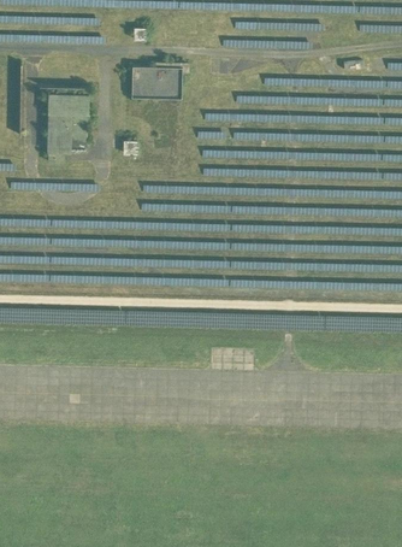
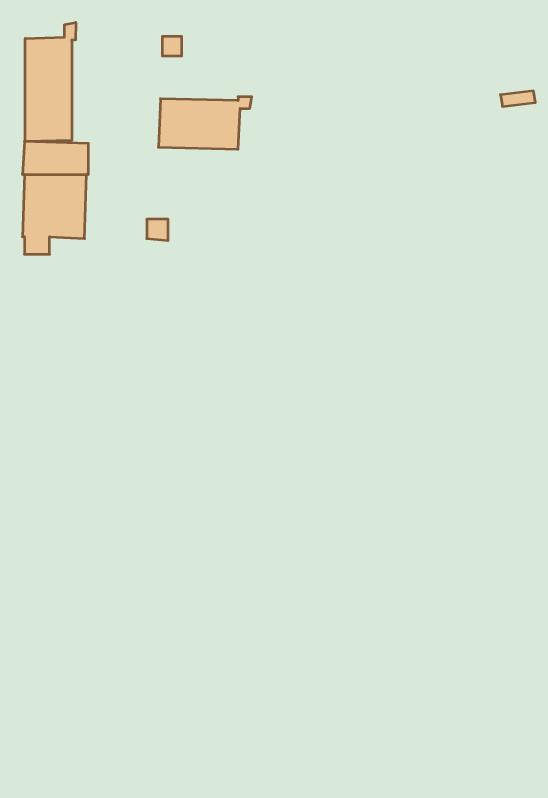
building: none -> [25,22,76,141]

